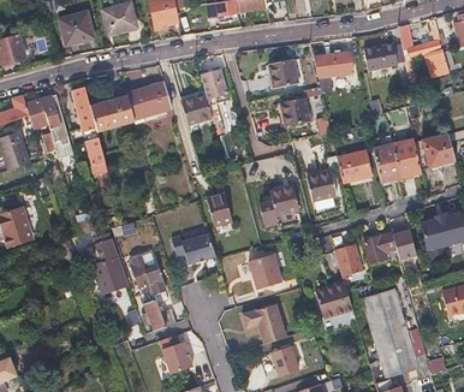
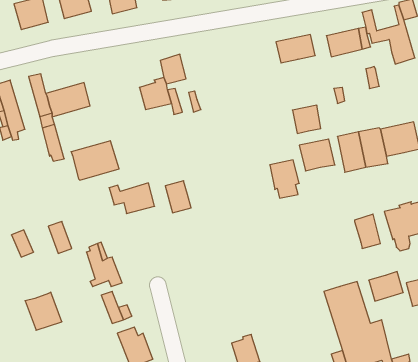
building: [270,59,298,87] -> none
building: [125,82,172,120] -> [71,141,119,180]
building: [281,97,309,125] -> [292,105,321,133]
building: [263,186,298,221] -> none
building: [171,232,215,262] -> [109,183,155,214]
building: [363,232,397,261] -> [369,272,403,301]
building: [333,244,362,275] -> none
building: [248,253,282,289] -> none
building: [91,257,127,295] -> [25,292,62,330]
building: [314,280,351,316] -> none
building: [242,303,285,343] -> none

